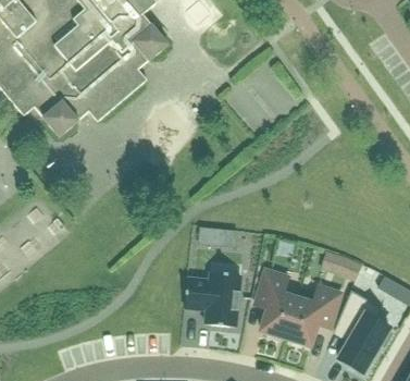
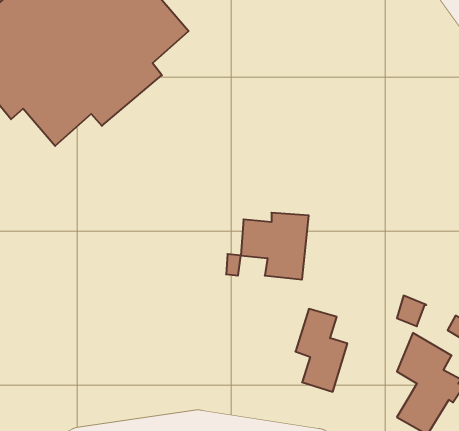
building: [184,271,239,325] -> [241,213,309,280]
building: [285,285,339,345] -> none

